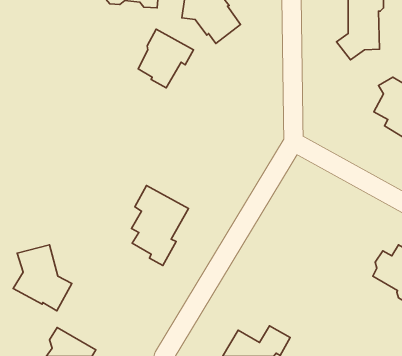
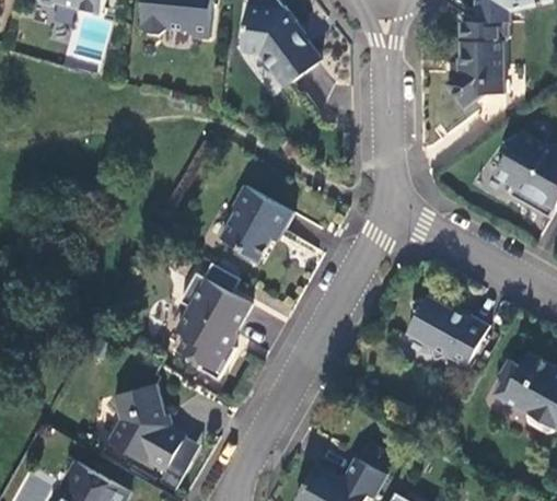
building: [138,29,193,88] -> [214,183,288,260]
building: none -> [406,295,489,366]
building: [13,245,72,311] -> [107,384,185,471]

